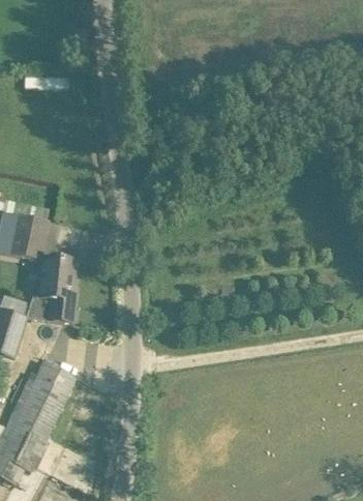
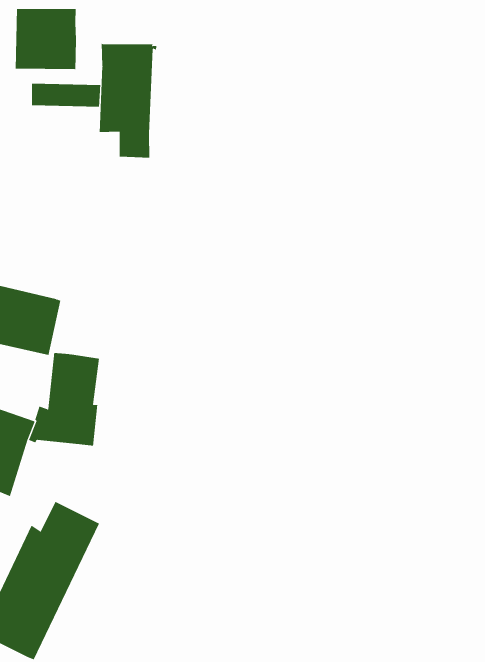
building: none -> [15,8,77,70]
building: none -> [99,43,157,158]

